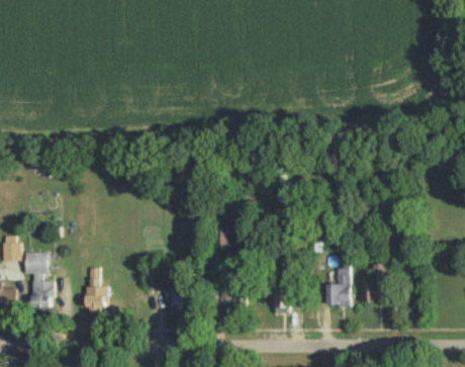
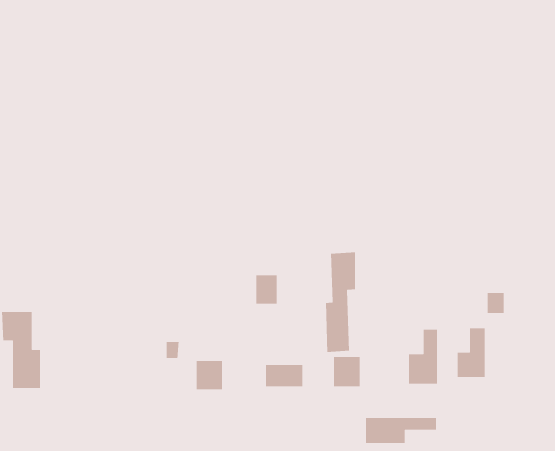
building: none -> [325,251,356,353]
building: [86,267,107,311] -> none
building: none -> [365,417,437,444]

